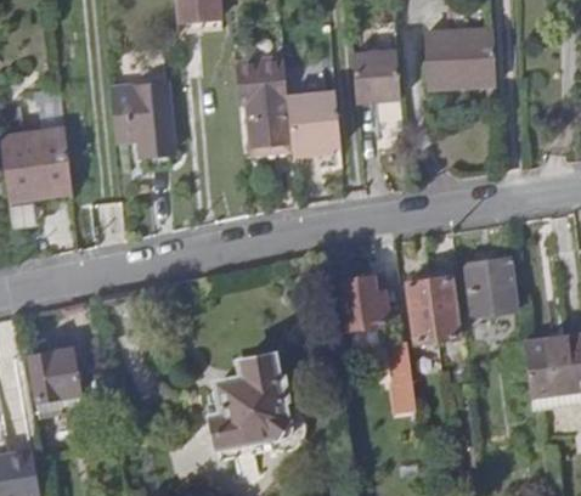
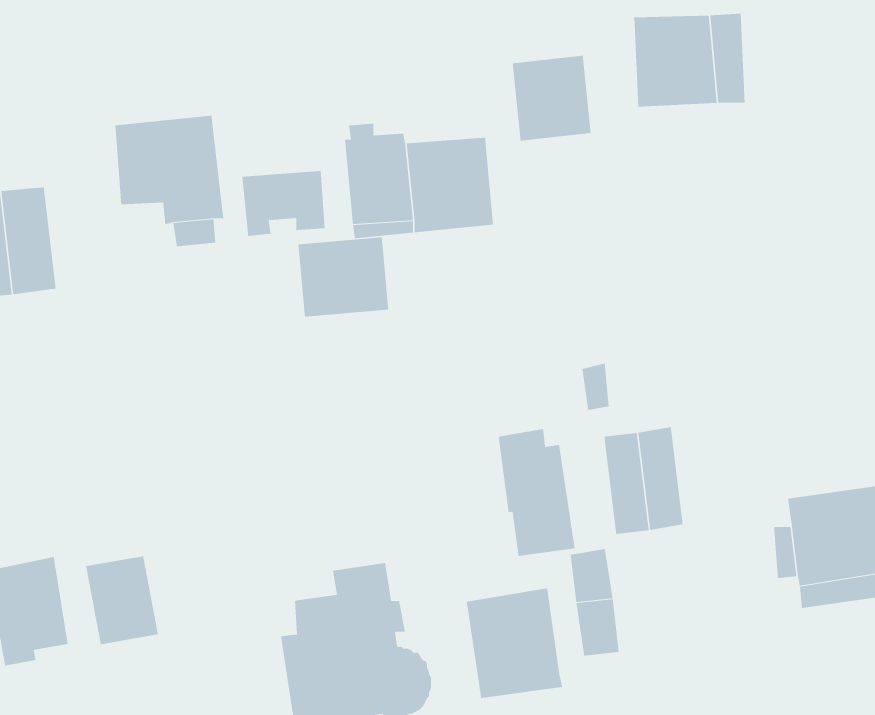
building: [236,62,287,102] -> [242,171,325,236]
building: none -> [298,236,389,317]
building: [464,259,519,316] -> none
building: none -> [86,555,158,645]
building: none -> [466,588,563,699]

